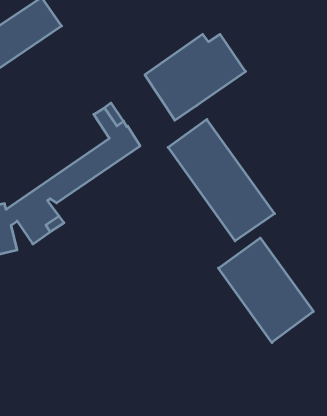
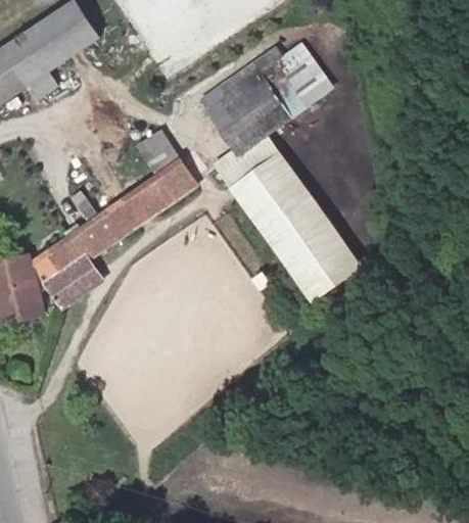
building: none -> [217,135,278,187]
building: [218,238,313,343] -> none

